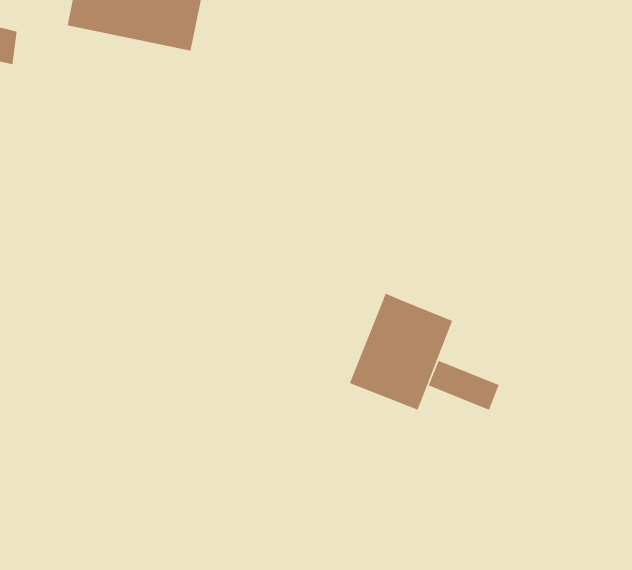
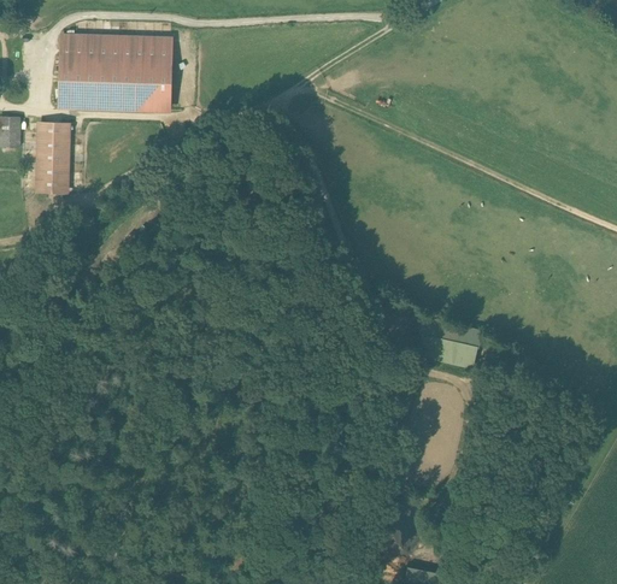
building: none -> [37,122,69,189]
building: [349,293,453,410] -> none

